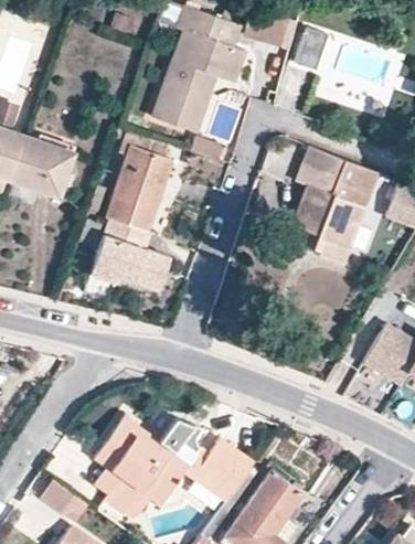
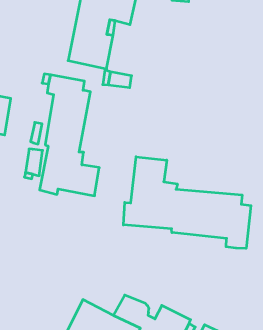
building: [292,147,380,264] -> none
building: none -> [123,157,251,248]

